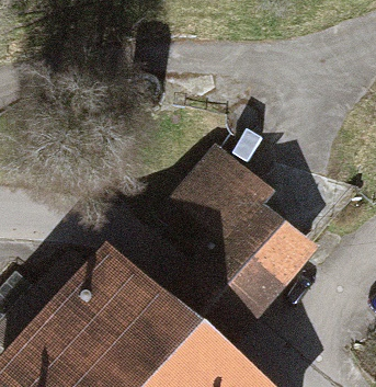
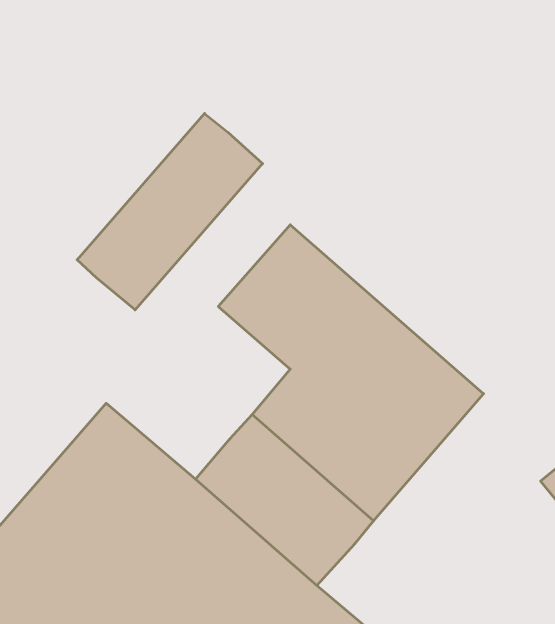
building: none -> [77,113,263,310]

